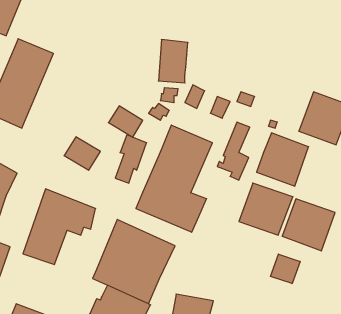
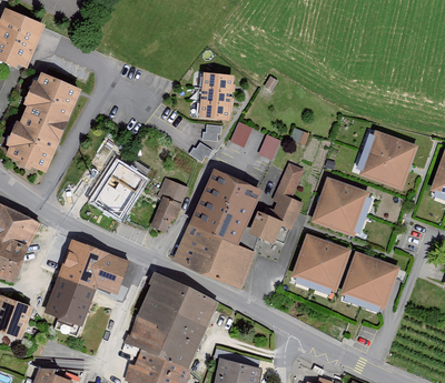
building: [108,106,143,137] -> [106,162,145,198]
building: none -> [248,210,283,242]
building: [270,254,300,284] -> none

